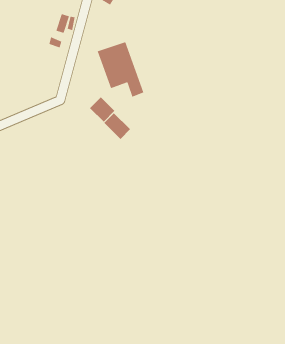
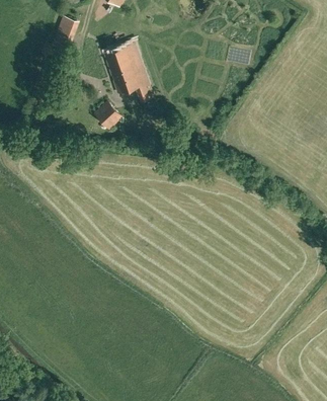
building: [103,112,131,140] -> none

